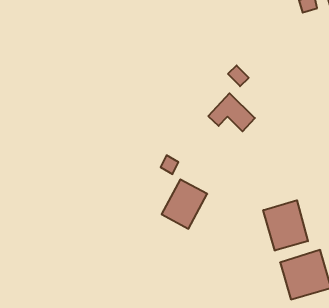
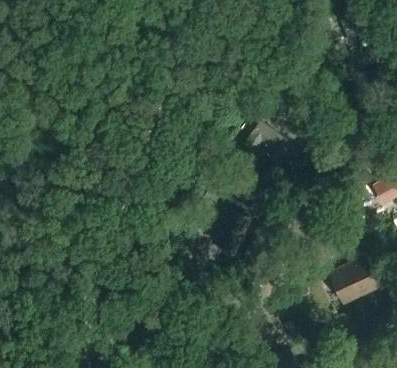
building: [263,200,308,251] -> none

